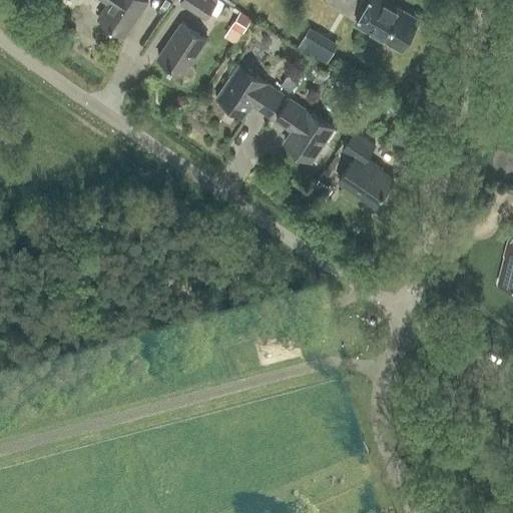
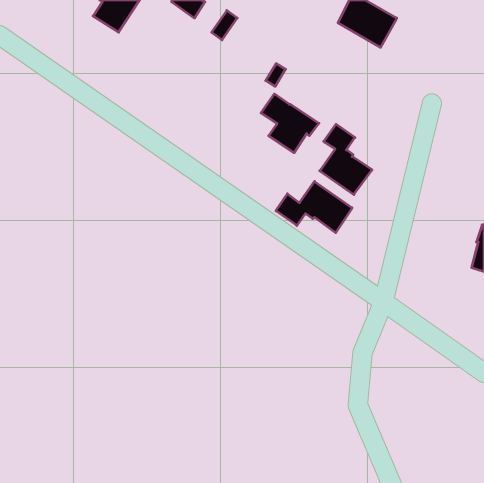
building: [158,24,205,76] -> none
building: [301,26,341,62] -> none
building: [216,64,282,117] -> none
building: none -> [276,181,352,233]

